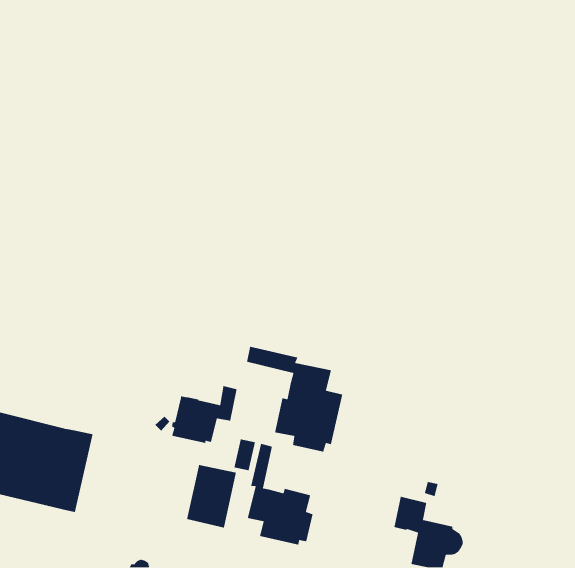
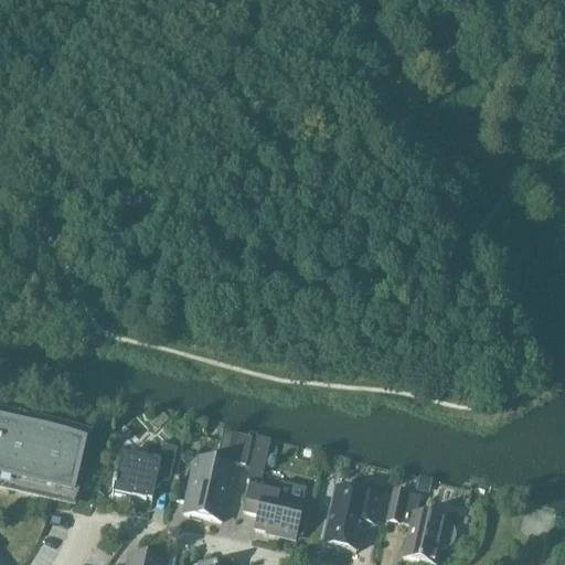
building: [246,346,343,453] -> none
building: [171,385,238,444] -> [110,440,175,498]
building: none -> [321,484,381,547]

